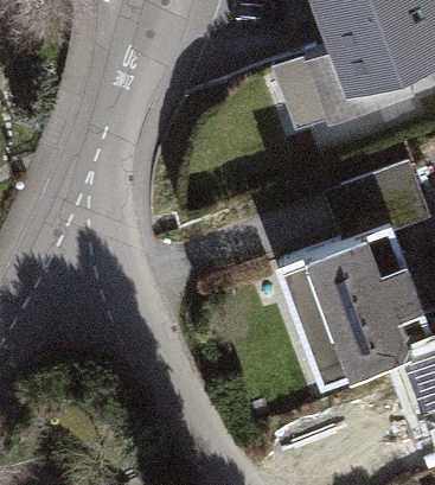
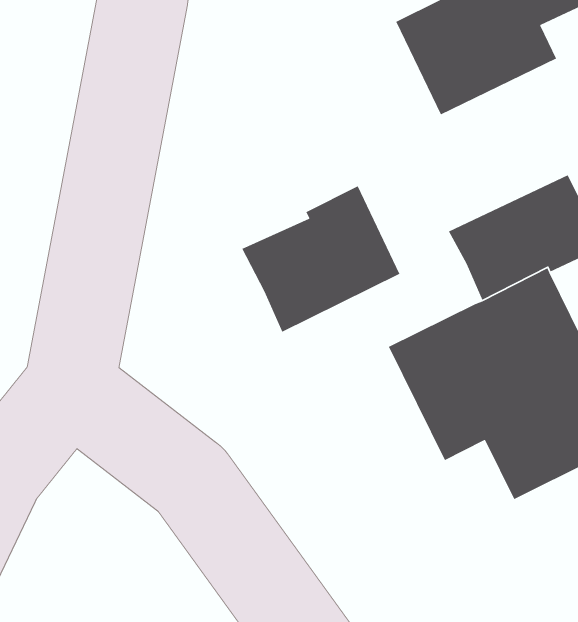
building: none -> [241,185,401,333]

